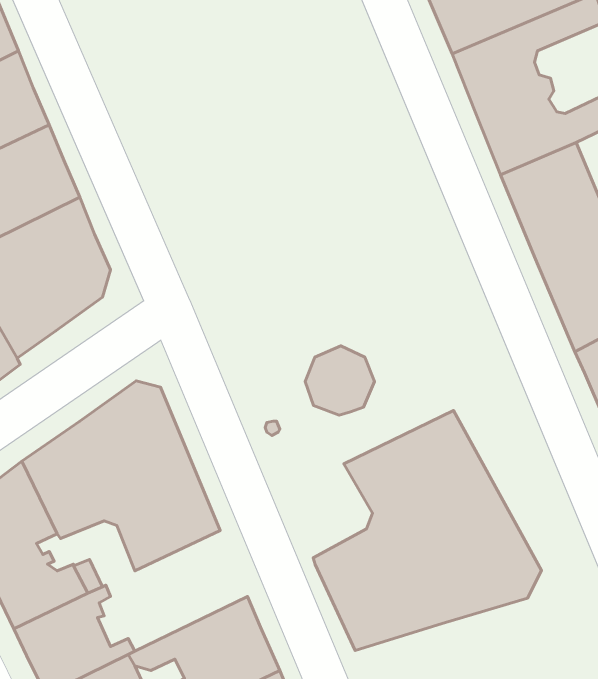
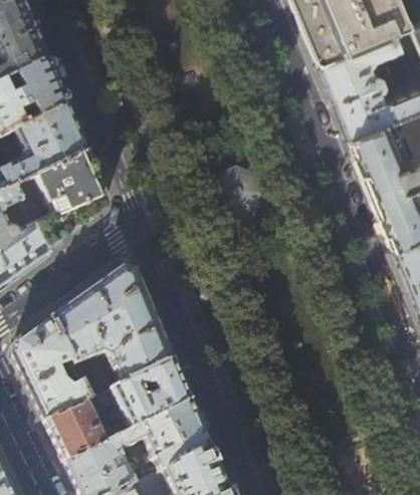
building: [305,346,375,415] -> [217,170,260,213]
building: [313,411,542,650] -> none
building: none -> [112,358,190,434]

